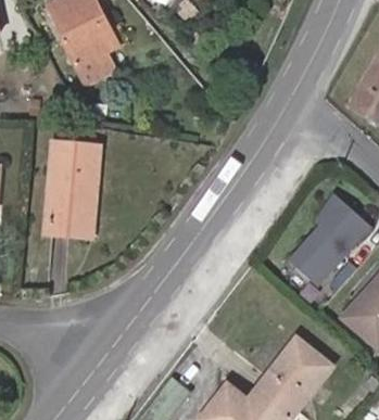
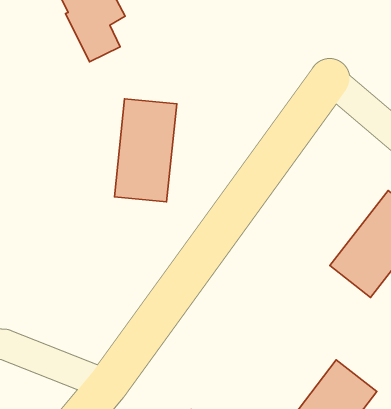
building: [46,150,99,238] -> [114,99,177,202]

